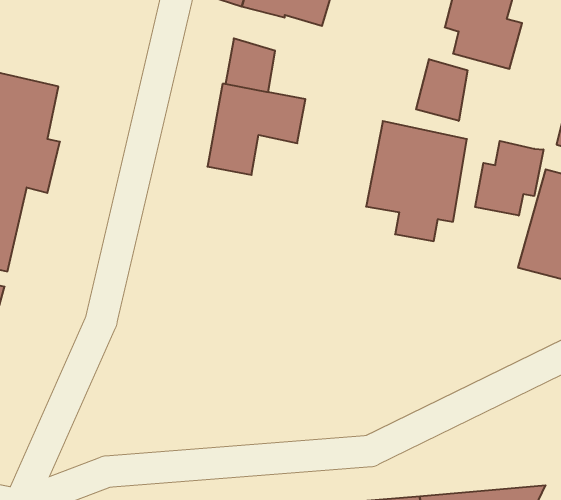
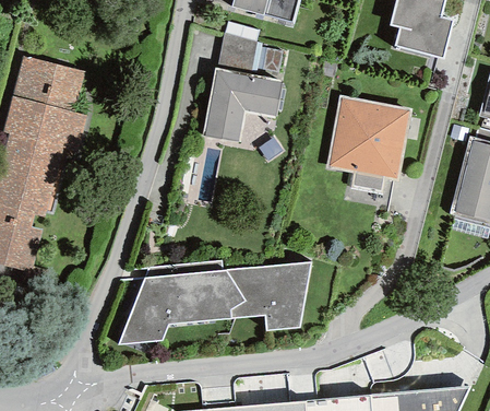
building: [416,59,468,121] -> none
building: [475,141,543,216] -> none
building: none -> [118,260,311,344]

